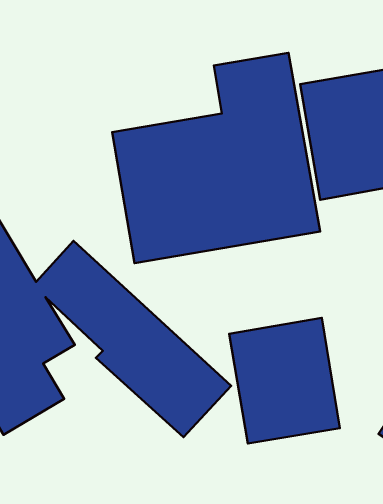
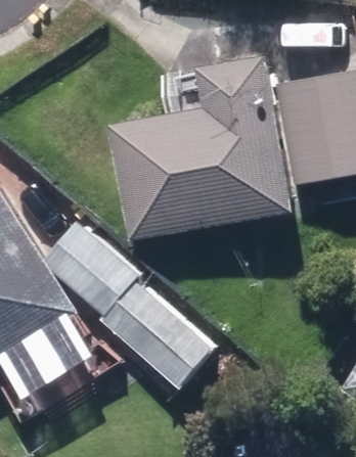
building: [229,318,340,444] -> none

